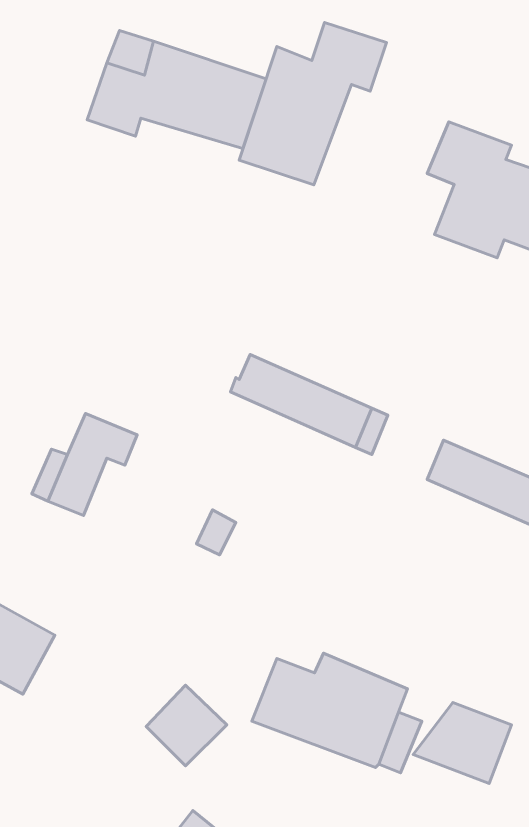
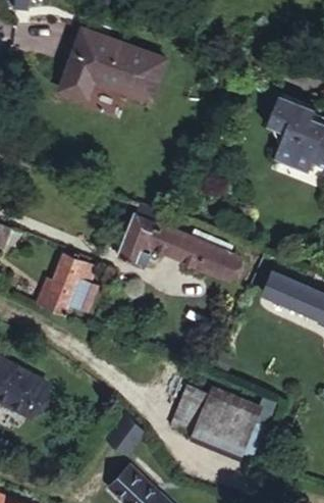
building: [239,23,386,185] -> none
building: none -> [122,200,166,269]
building: [413,703,512,783] -> none

